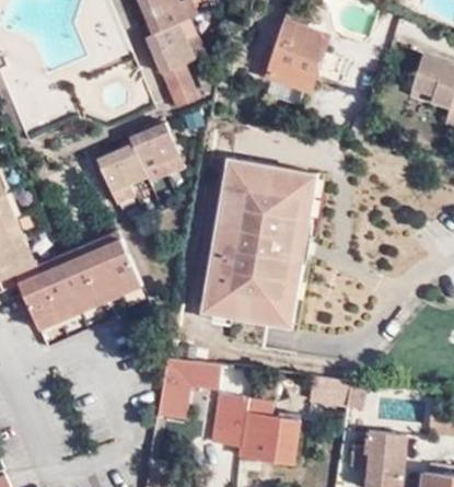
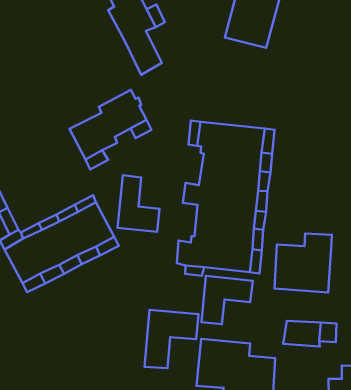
building: none -> [117,175,159,232]
building: none -> [274,233,332,293]
building: none -> [201,276,253,324]

